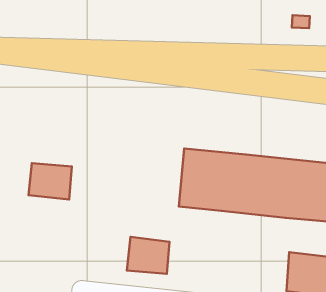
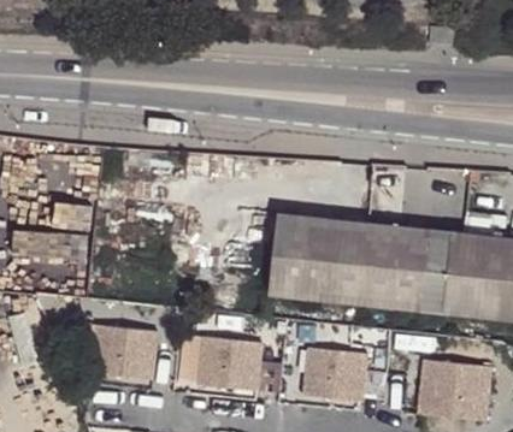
building: [28,163,72,199] -> [94,329,154,379]
building: none -> [303,348,364,400]

